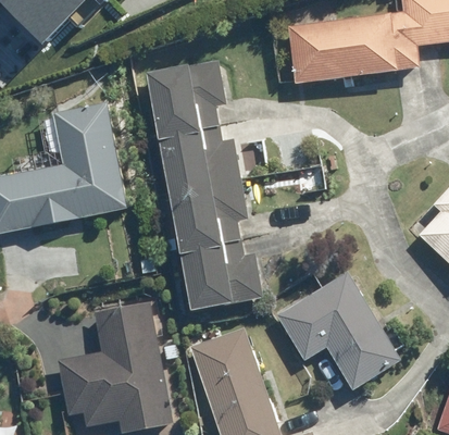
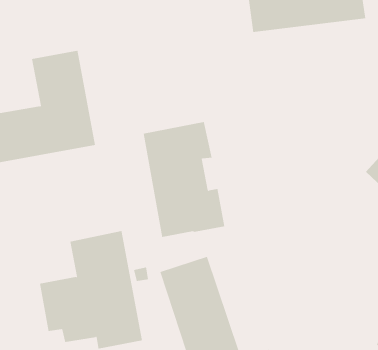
building: [150,62,241,194] -> none
building: [277,271,402,389] -> none

